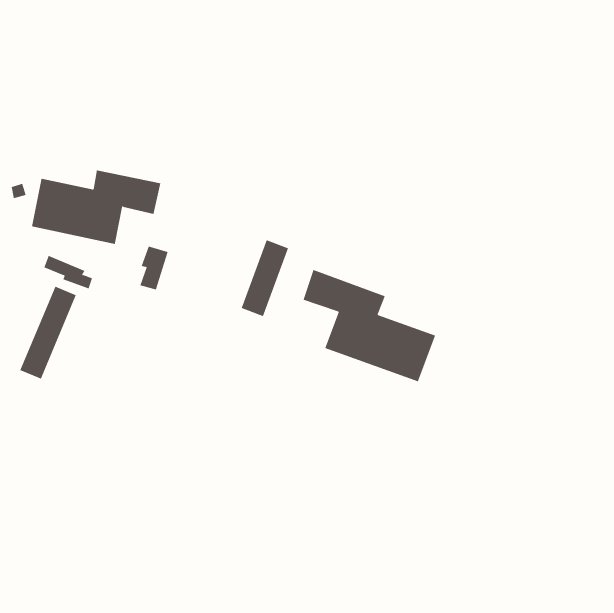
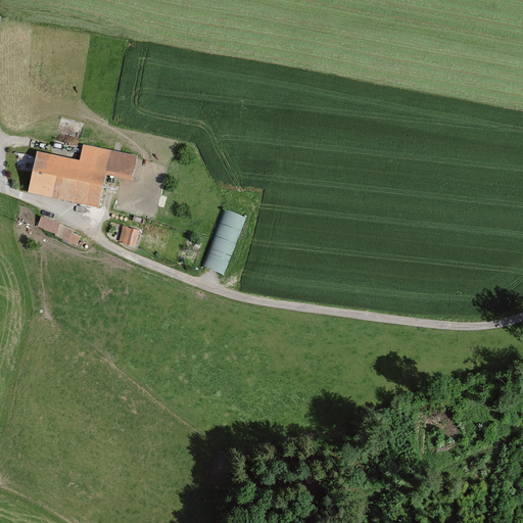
building: [303,269,436,382] -> none
building: [20,286,77,380] -> none

